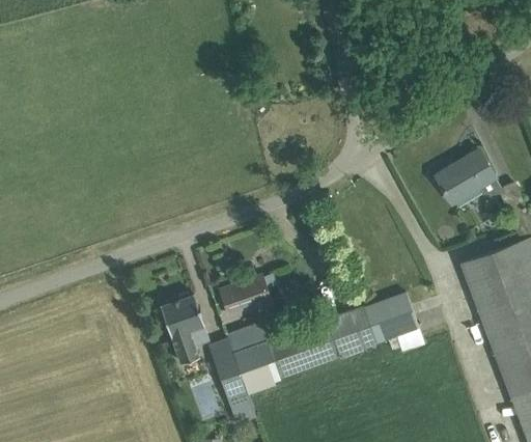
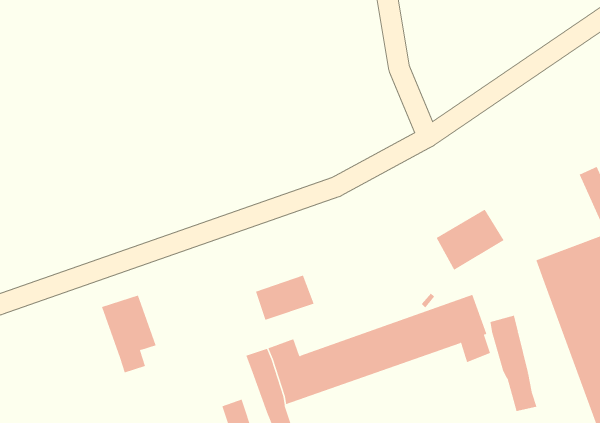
building: [437,150,496,203] -> [436,209,505,270]
building: [162,296,209,363] -> [101,295,157,373]
building: none -> [490,315,537,412]

